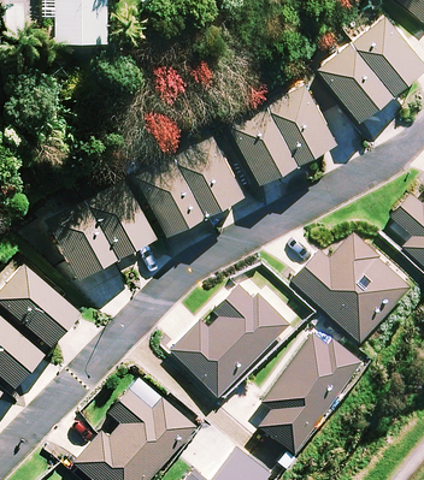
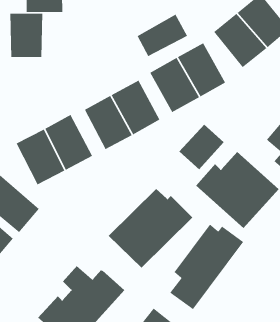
building: none -> [9,13,43,58]
building: none -> [136,14,188,57]
building: none -> [178,124,224,170]

